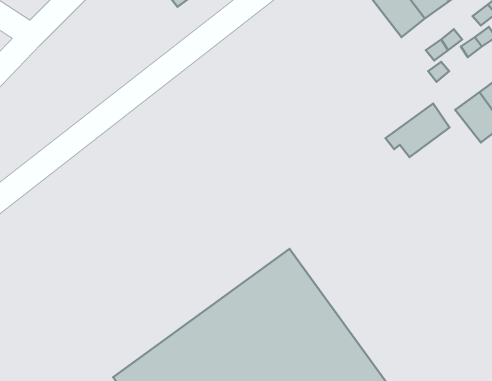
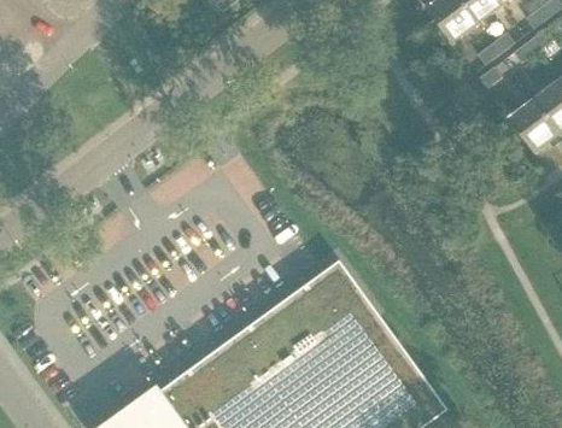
building: [386,104,450,157] -> none

